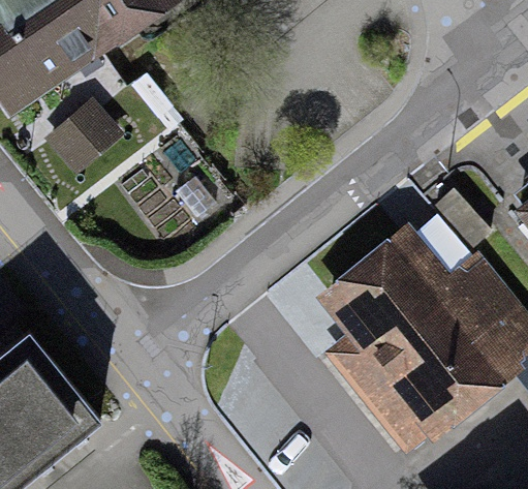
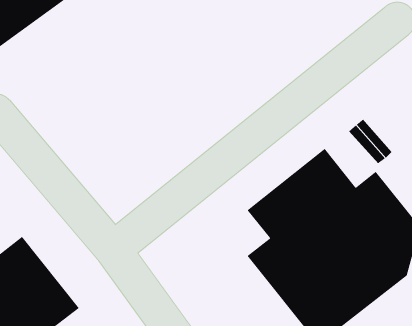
building: [44,97,126,177] -> none

